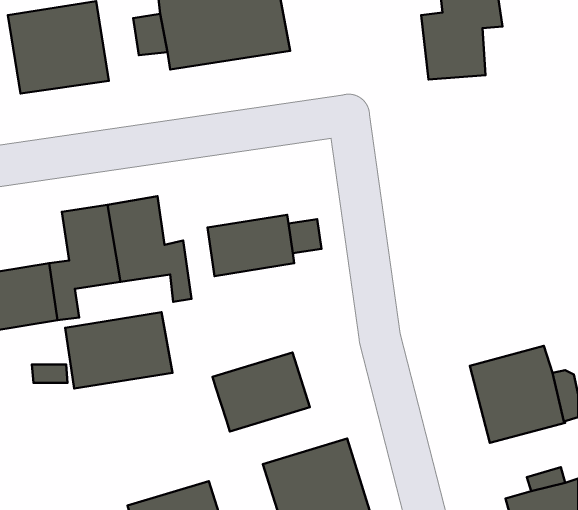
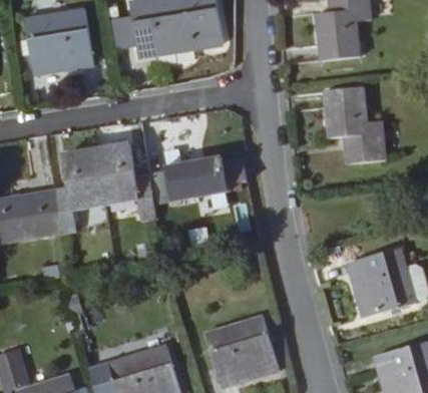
building: none -> [324,99,386,174]
building: [65,312,173,388] -> none
building: [213,353,310,432] -> none

